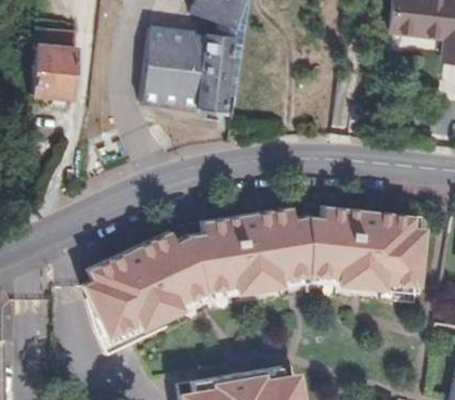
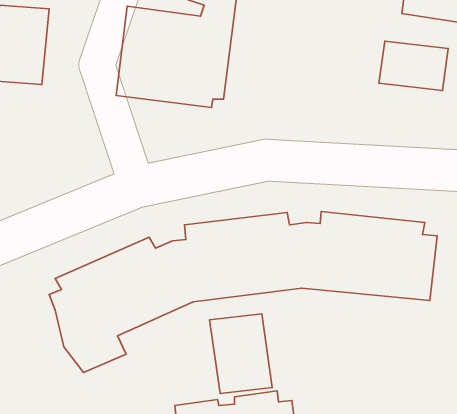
building: none -> [379,41,448,91]
building: none -> [210,314,272,394]

